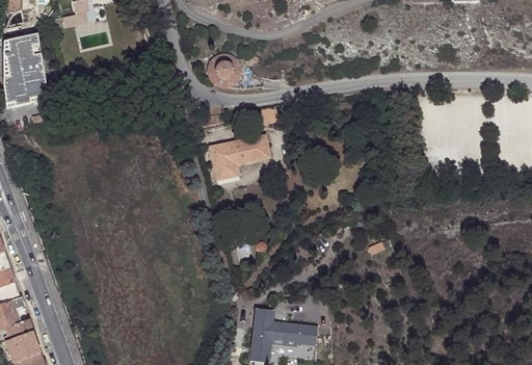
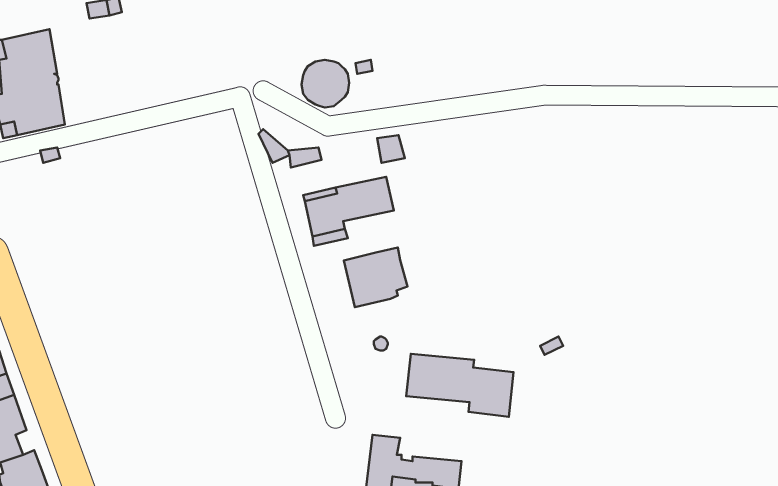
building: none -> [344,247,408,307]
building: none -> [406,354,513,417]

